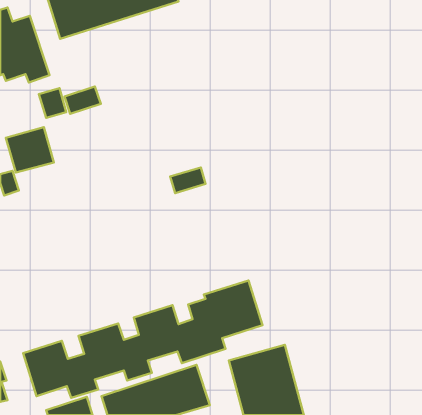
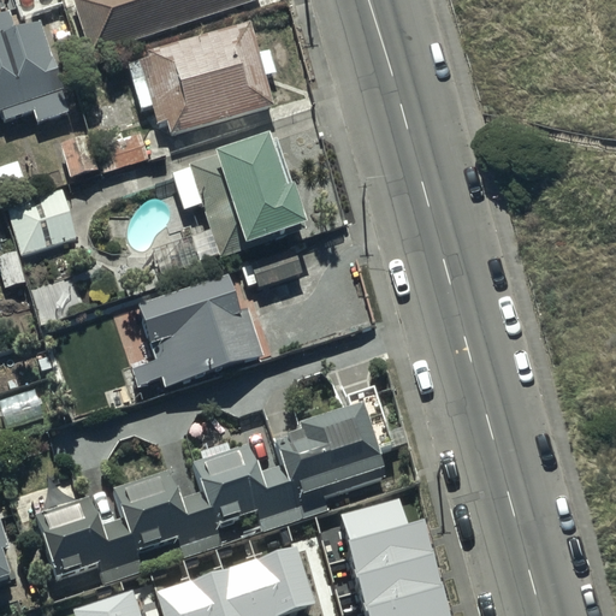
building: none -> [137,20,273,131]
building: none -> [172,141,304,260]
building: none -> [129,279,262,387]

